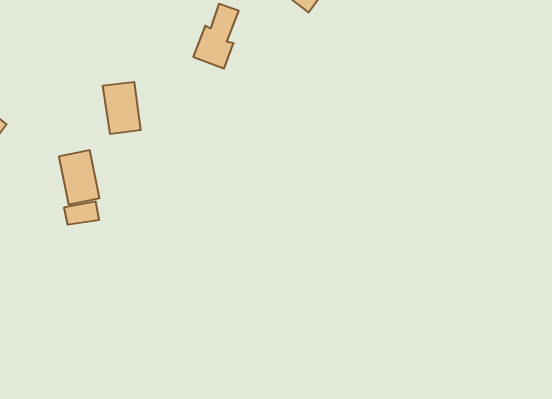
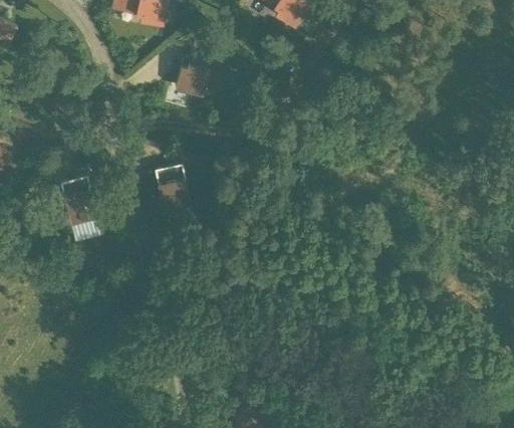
building: [103,82,141,134] -> [157,164,193,211]

